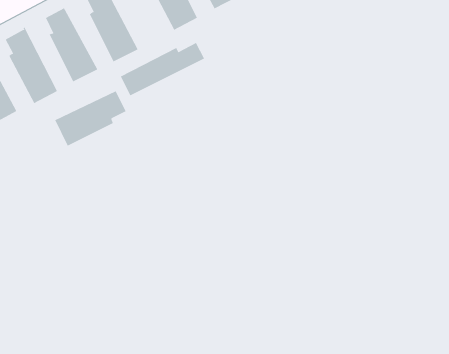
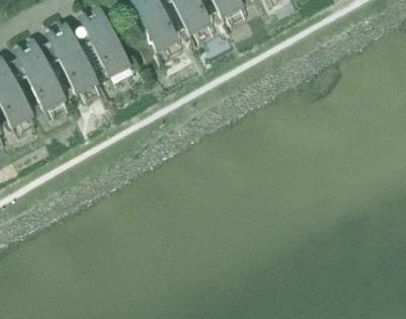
building: [120,42,205,96] -> none
building: [54,90,126,146] -> none

